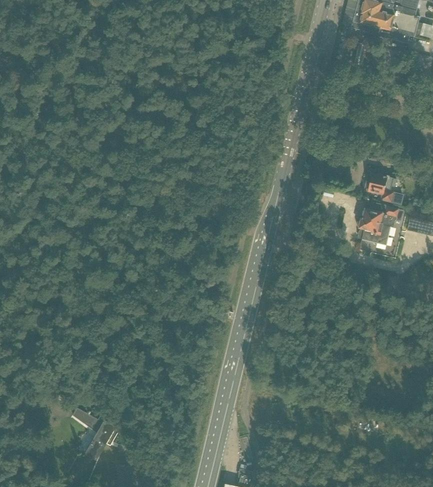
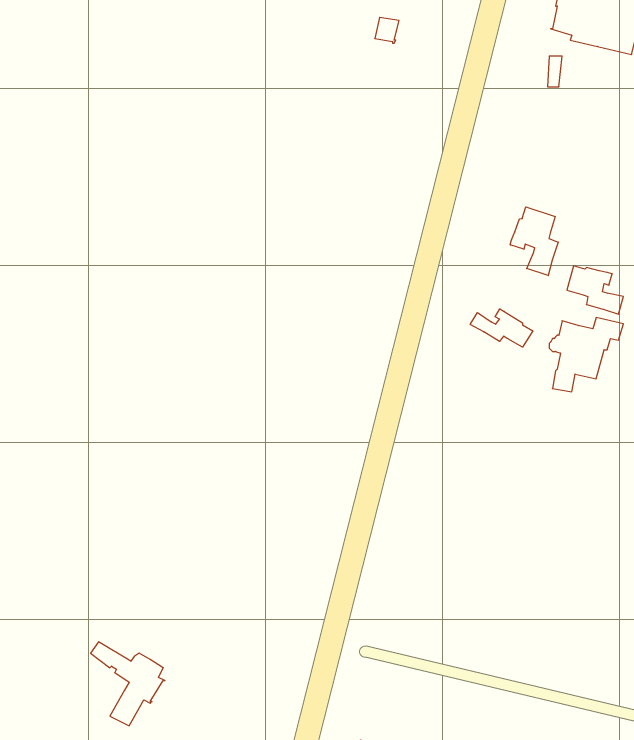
building: none -> [510,207,558,276]
building: none -> [470,309,533,347]

